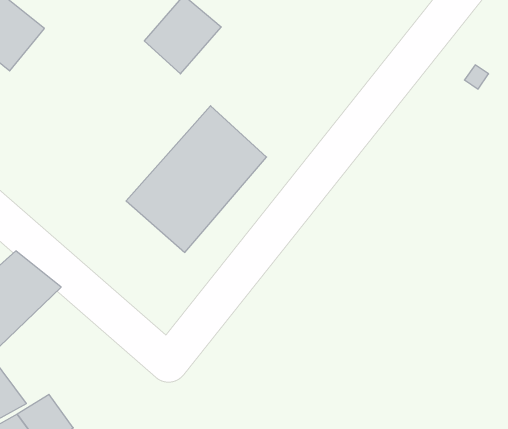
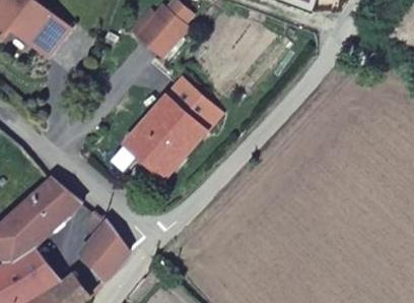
building: none -> [78,210,129,282]

